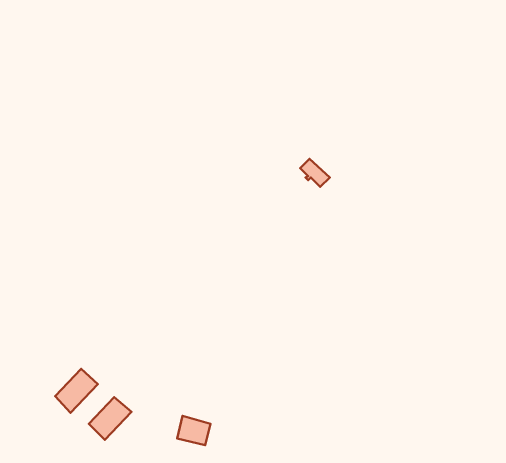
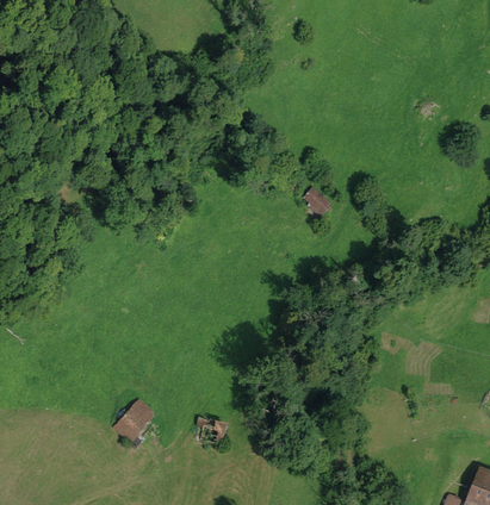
building: [55,369,98,413] -> none

